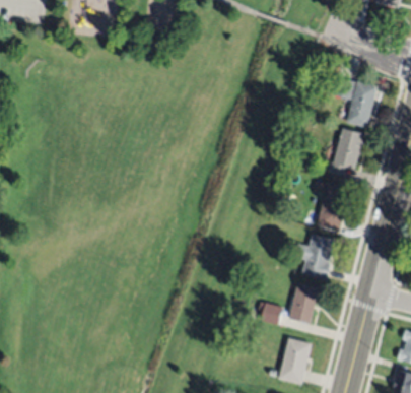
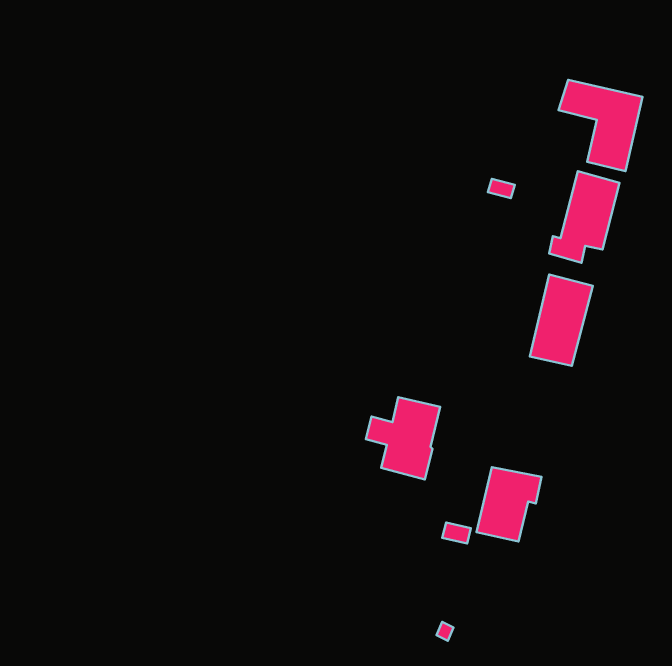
building: [294,234,334,277] -> [366,397,440,479]
building: [278,339,312,385] -> none

